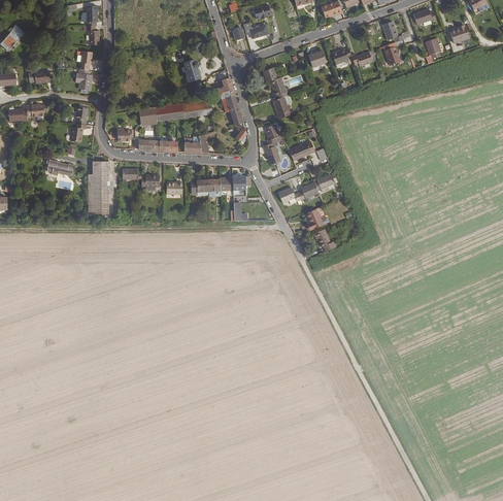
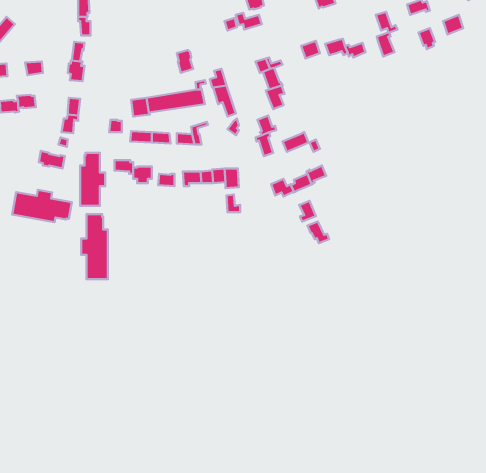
building: none -> [12,190,72,222]
building: none -> [81,214,108,279]

